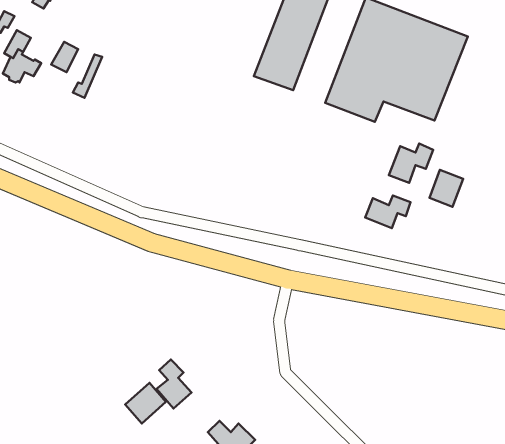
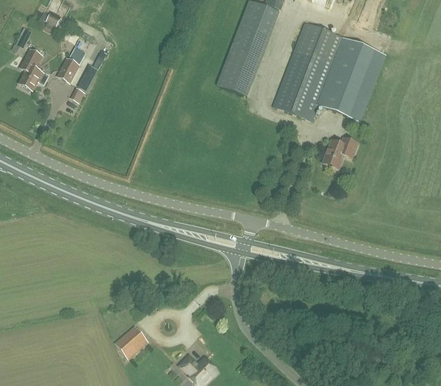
building: [429,170,463,207] -> none
building: [365,195,410,228] -> none
building: [157,359,192,408] -> none

